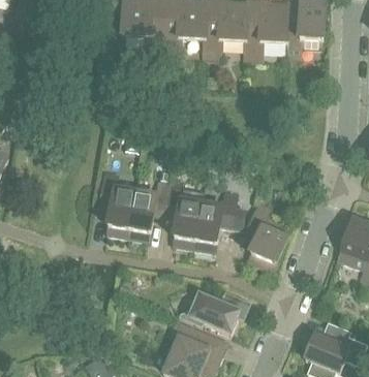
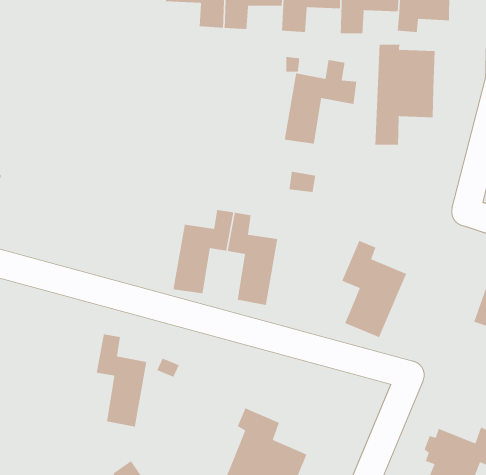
building: none -> [375,44,435,145]
building: [99,171,135,238] -> [96,334,147,428]
building: [193,192,245,252] -> [284,59,357,144]
building: [178,292,238,333] -> none

